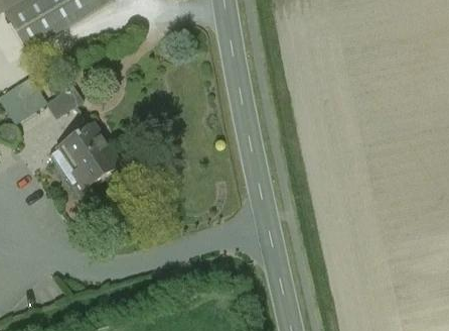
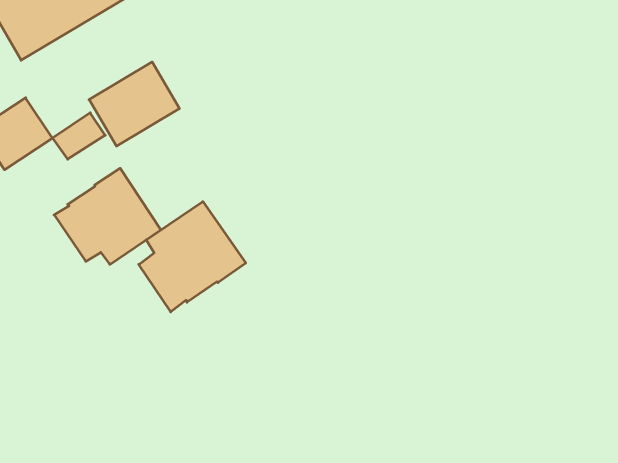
building: none -> [89,62,179,146]
building: none -> [139,202,246,312]

